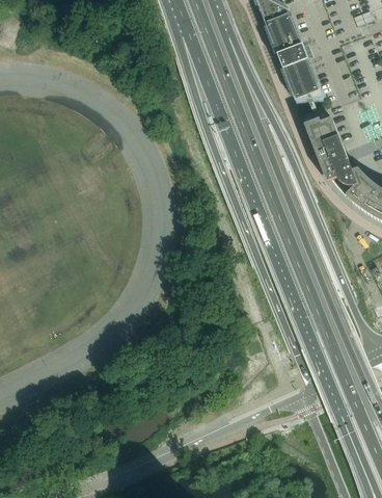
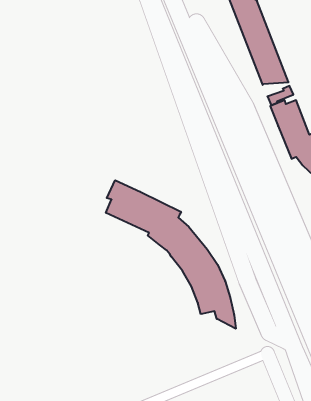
building: none -> [106,180,236,329]

